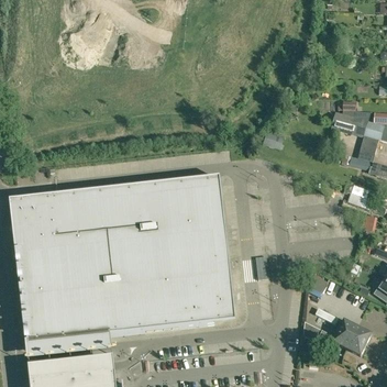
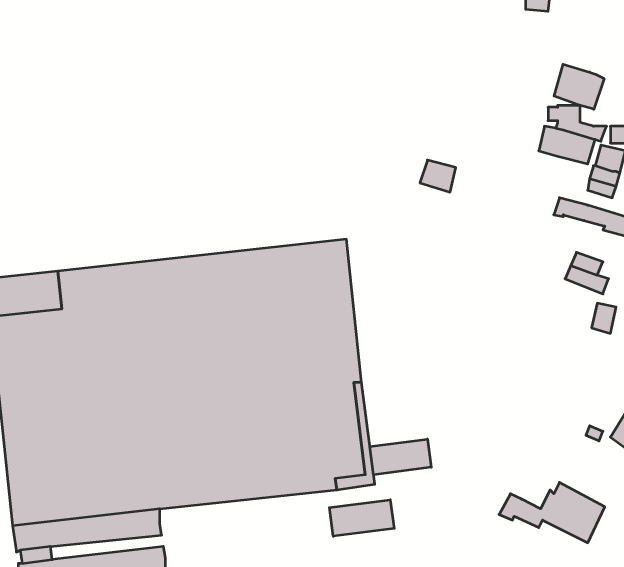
building: none -> [554,64,604,109]
building: none -> [370,439,431,475]
building: none -> [329,500,394,536]

